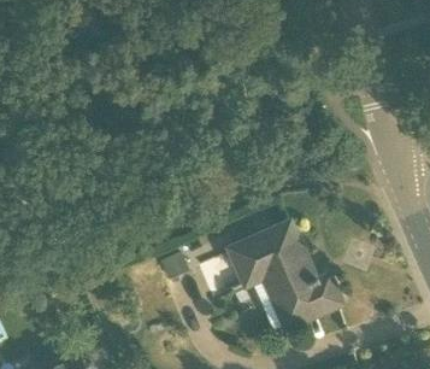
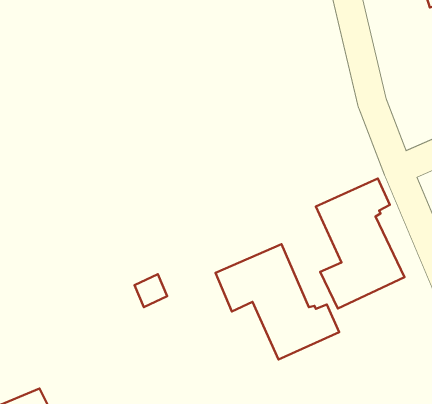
building: none -> [316,178,404,308]

